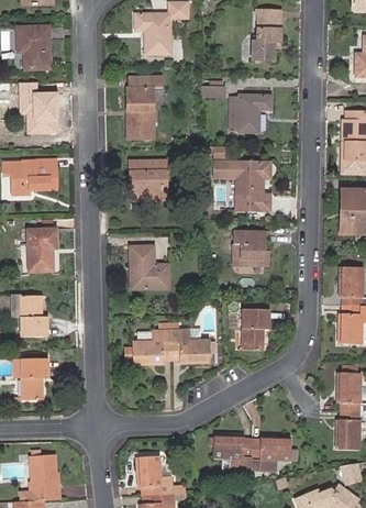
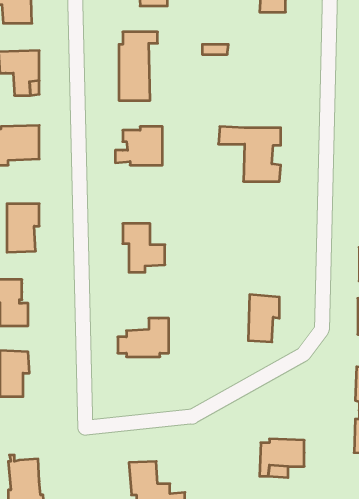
building: [229,95,270,133] -> none
building: [233,232,267,266] -> none
building: [170,330,209,363] -> none
building: [212,434,252,470] -> none

